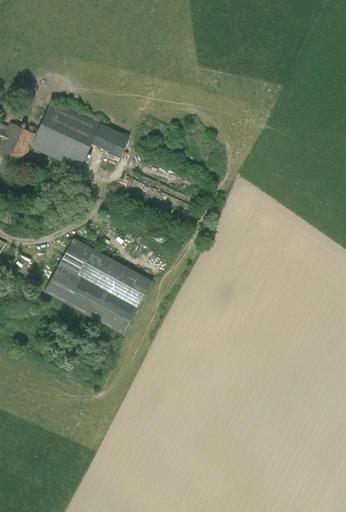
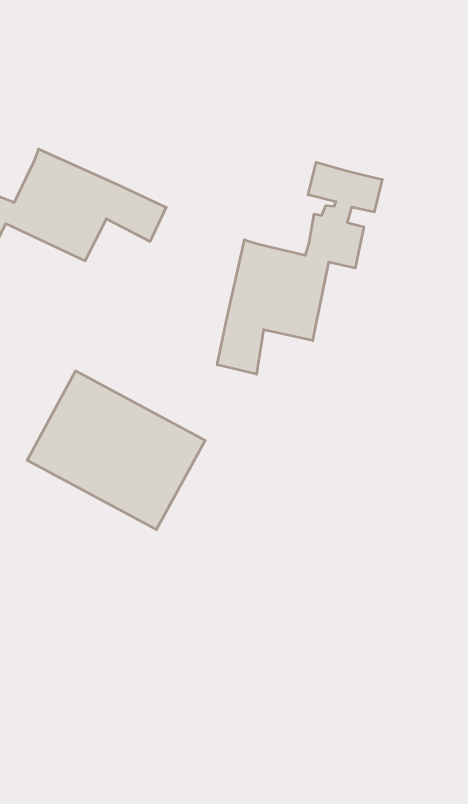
building: none -> [217,162,382,374]

